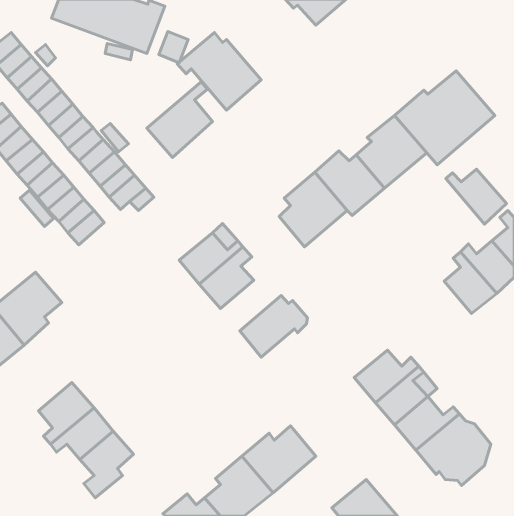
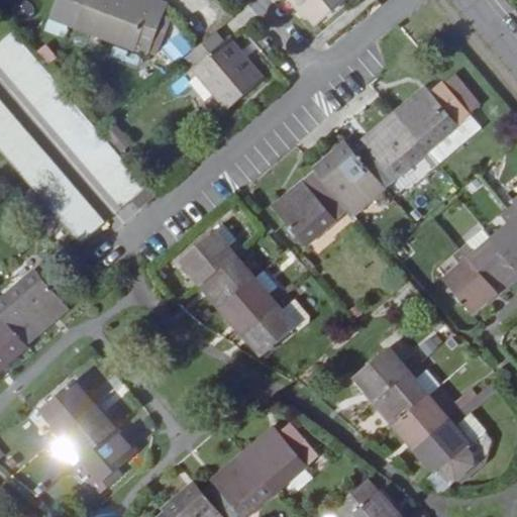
building: [147,82,213,157] -> none
building: [446,169,507,224] -> none
building: none -> [220,280,281,330]

